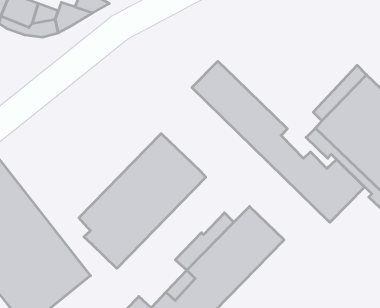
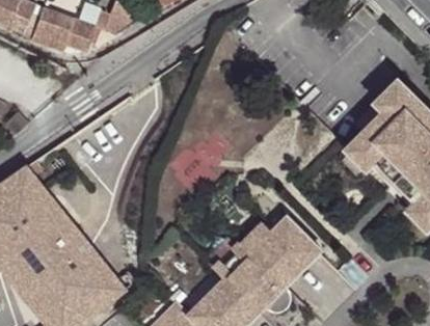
building: [192,61,364,222] -> none
building: [79,134,206,268] -> none

